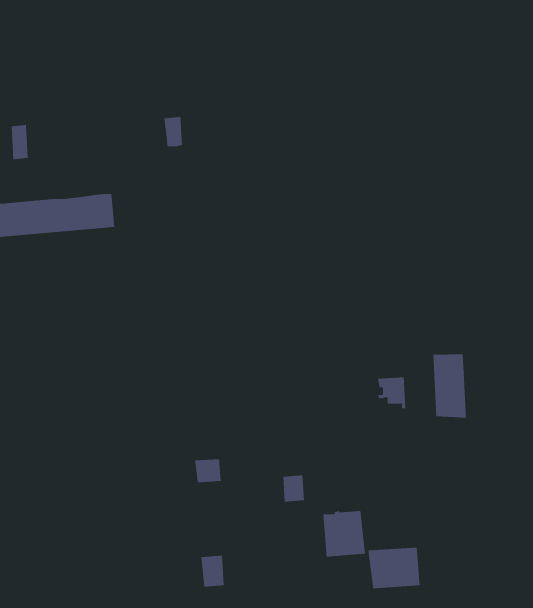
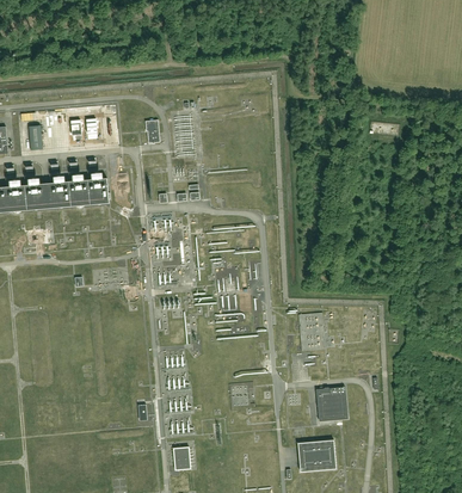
building: [433,354,466,418] -> none
building: [322,511,366,557] -> [315,387,347,421]

